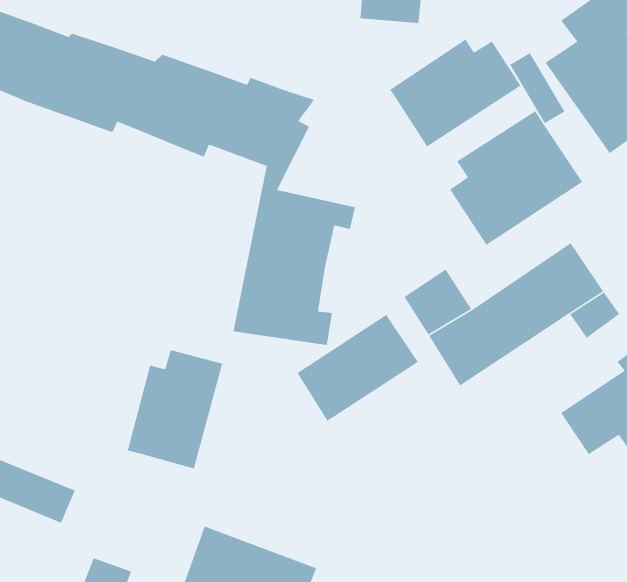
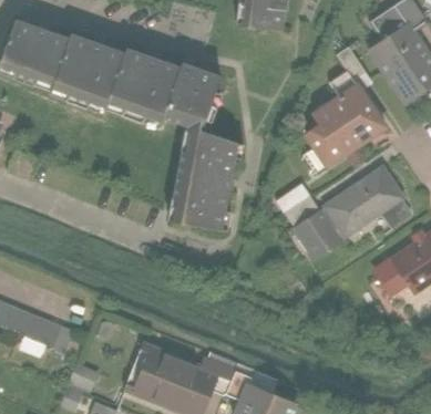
building: [389,39,522,148] -> none
building: [297,314,419,422] -> none
building: [127,349,223,469] -> none

